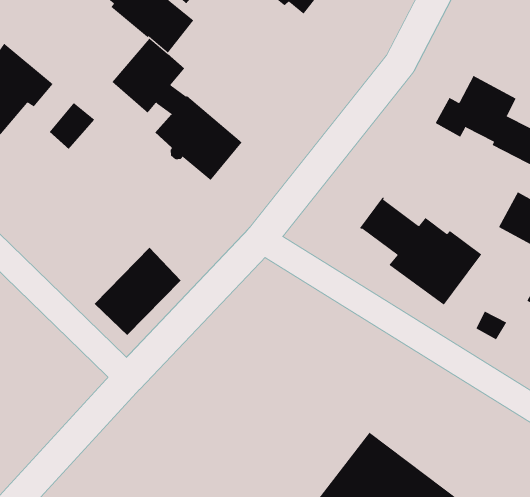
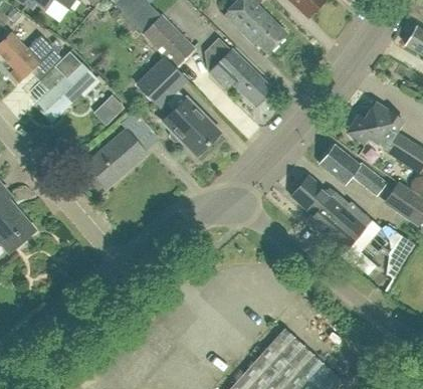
building: none -> [209,47,271,105]
building: none -> [320,146,385,195]
building: [94,247,182,336] -> [86,129,146,186]

